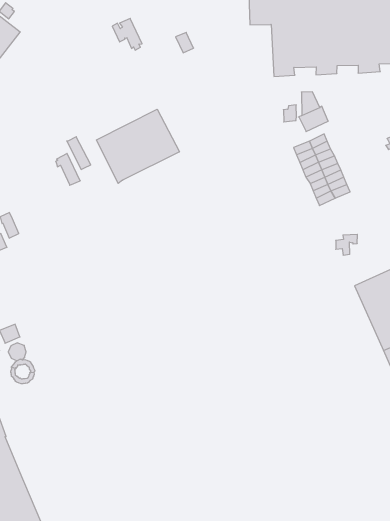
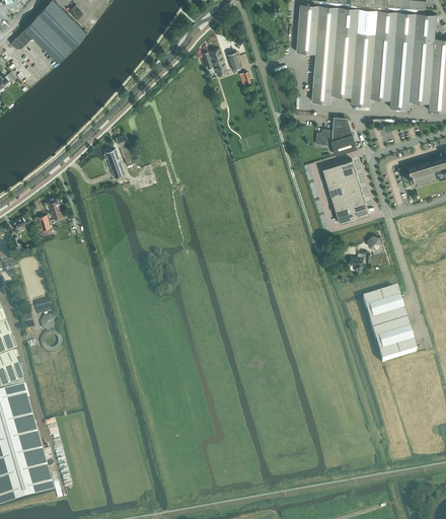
building: [112,18,142,50] -> [202,47,227,76]
building: [96,109,179,183] -> none

